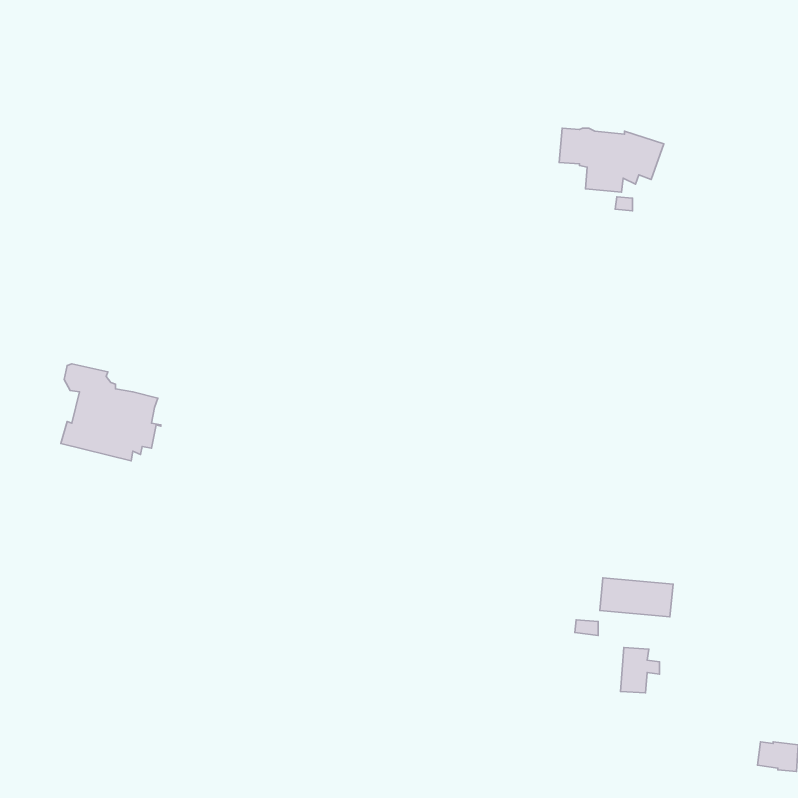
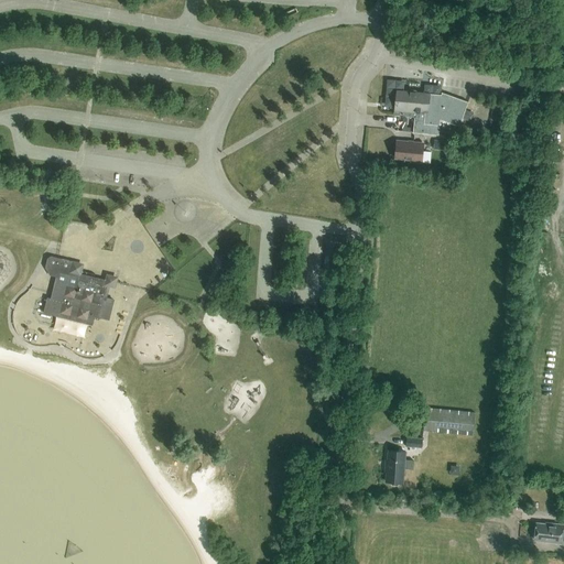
building: none -> [394,141,431,163]
building: [621,648,660,693] -> [386,451,413,482]

